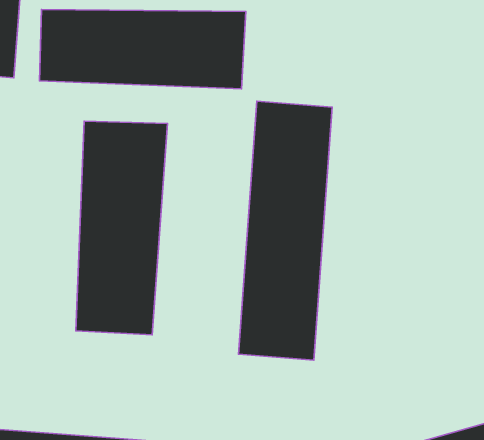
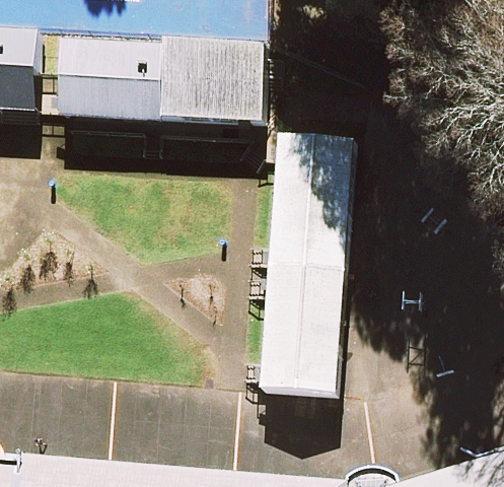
building: [76,121,167,335] -> none

